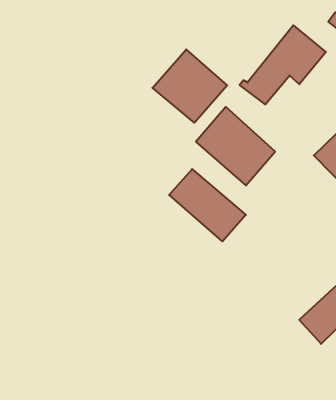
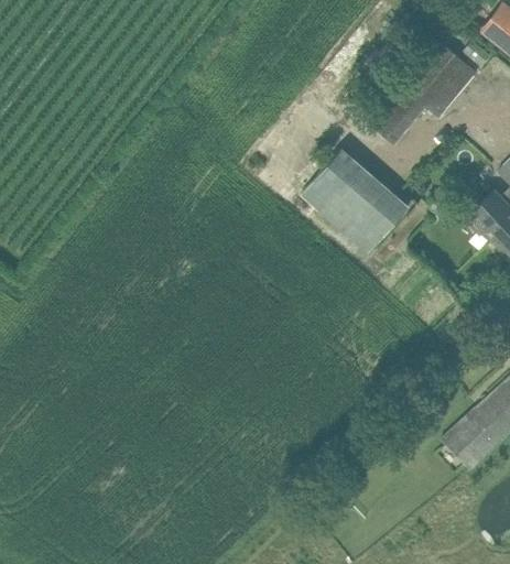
building: [152,49,227,123] -> none
building: [169,169,246,241] -> none

